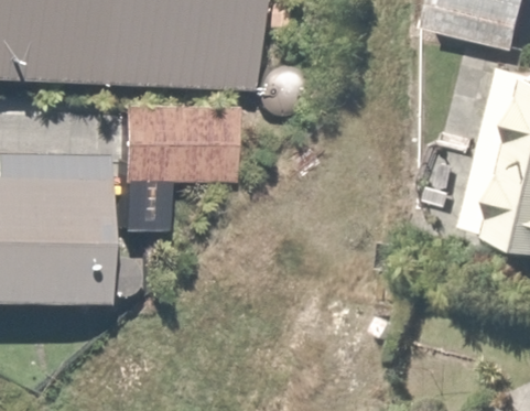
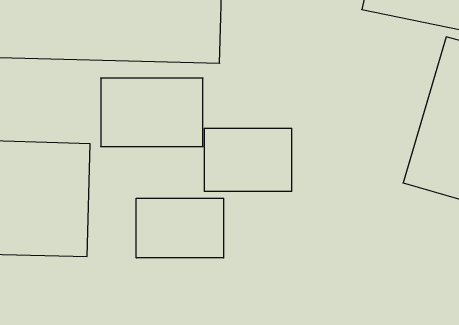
building: none -> [204,128,292,191]
building: none -> [136,198,224,258]

